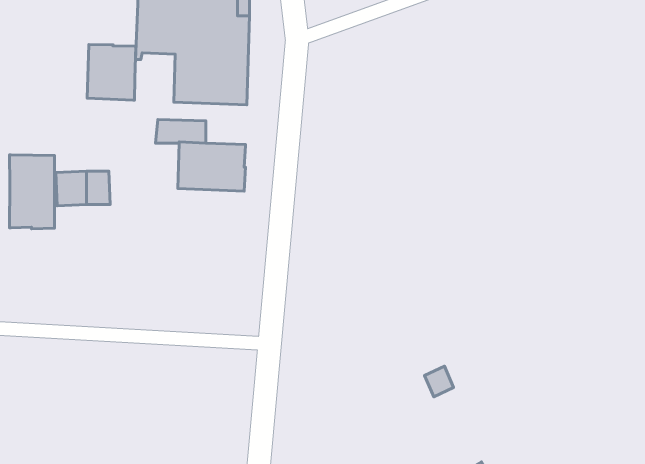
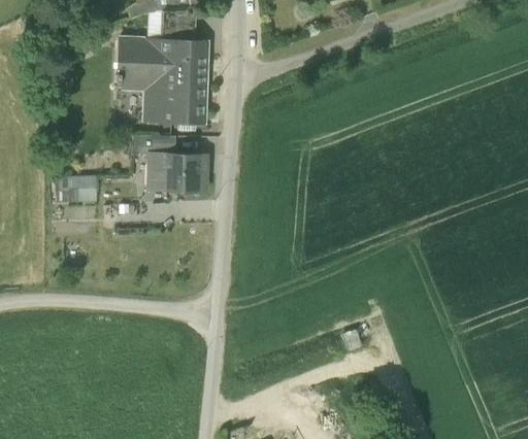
building: [87,44,136,100] -> none
building: [10,155,55,229] -> none

